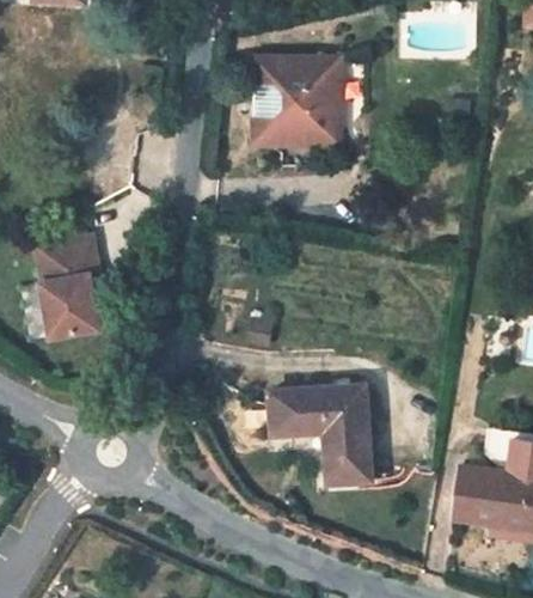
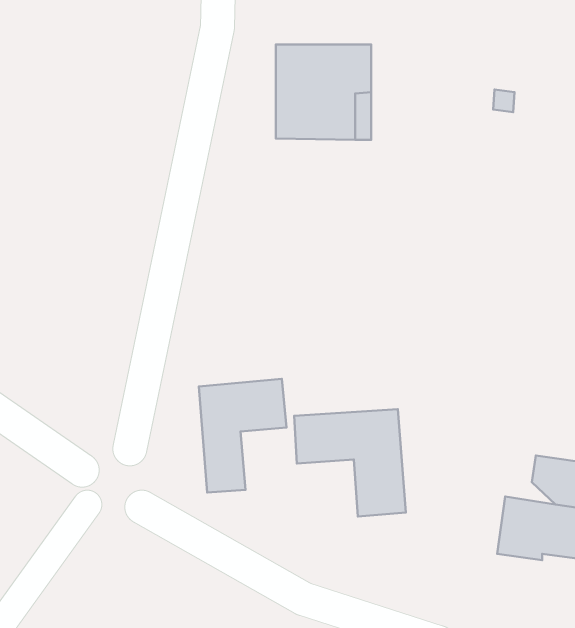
building: [37,237,100,338] -> none
building: none -> [199,379,286,492]

